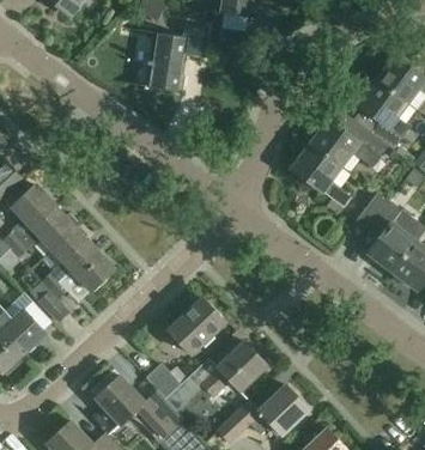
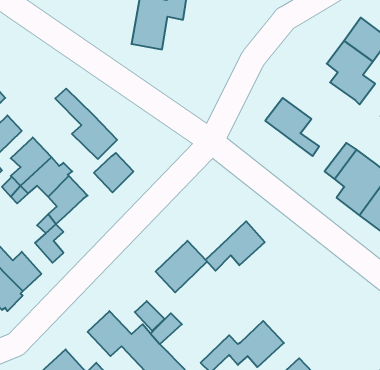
building: [309,118,388,169] -> none
building: none -> [55,89,117,159]
building: [72,250,115,293] -> [94,153,133,192]
building: [202,343,267,397] -> [205,221,265,271]

